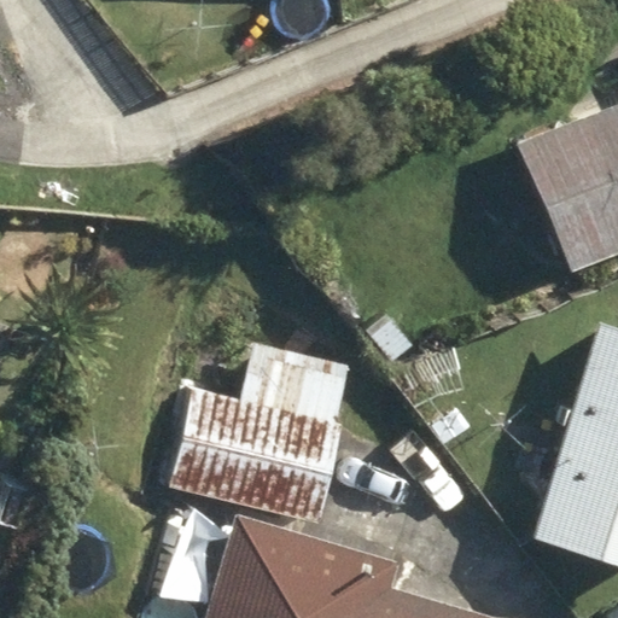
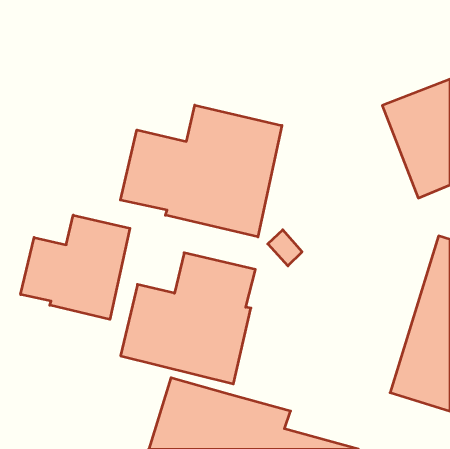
building: none -> [120,105,282,237]
building: none -> [21,215,130,319]

